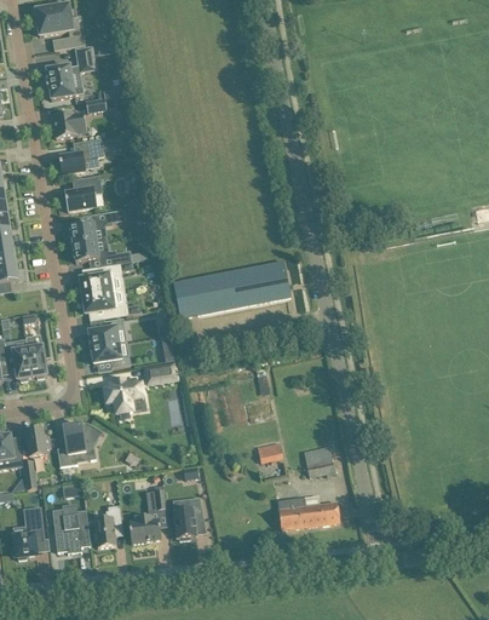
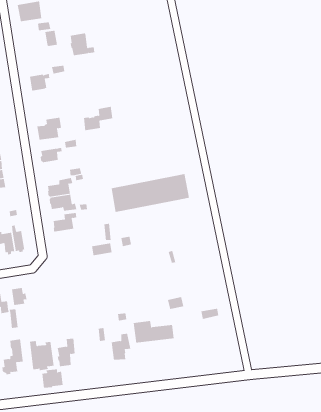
building: [47,64,85,98] -> [70,33,95,56]
building: [59,137,104,173] -> [83,106,113,131]
building: [71,237,108,262] -> none
building: [90,341,131,367] -> none
building: [105,378,143,417] -> none
building: [58,421,98,465] -> none
building: [278,495,340,529] -> [133,320,175,343]
building: [130,515,162,544] -> [41,369,64,388]

